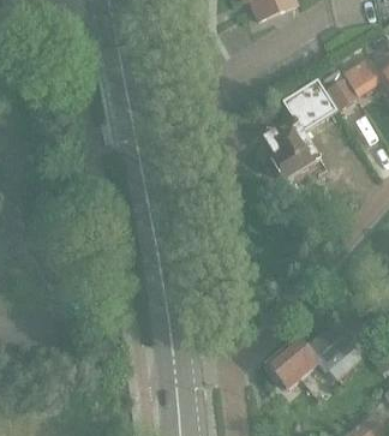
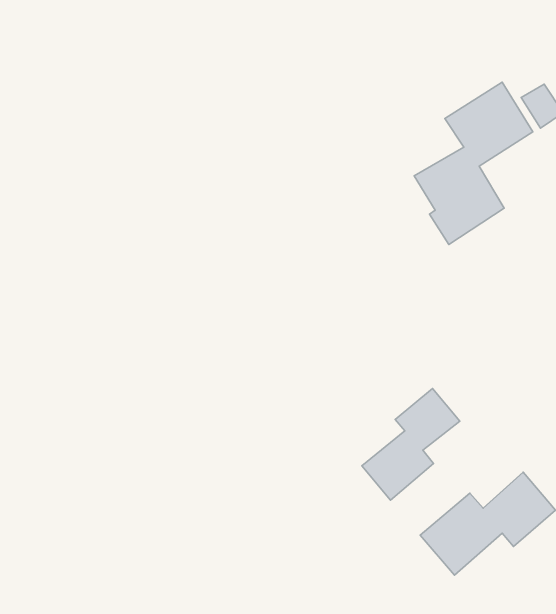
building: none -> [362,389,460,500]

